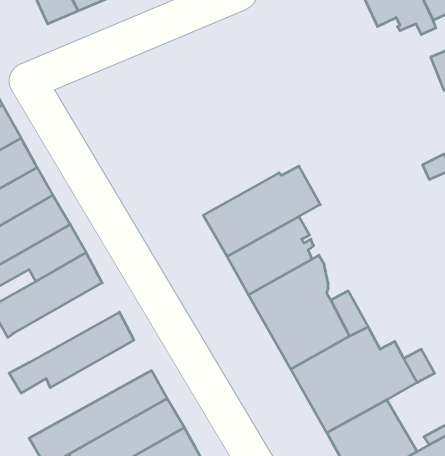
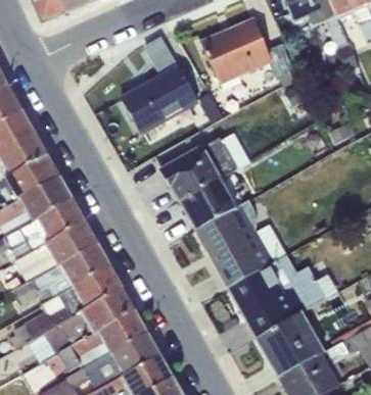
building: none -> [200,18,300,86]
building: none -> [121,39,221,133]
building: none -> [14,221,96,283]
building: none -> [10,265,121,347]

